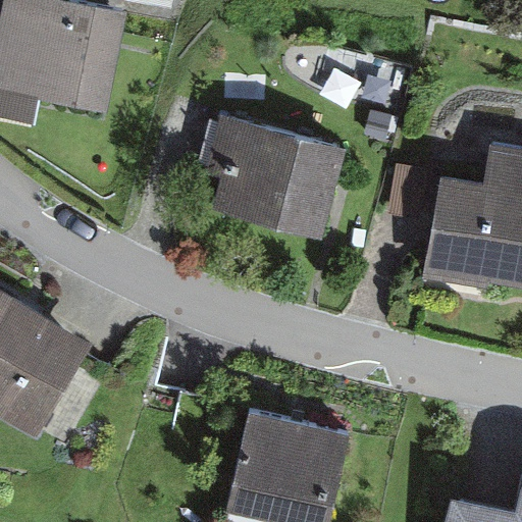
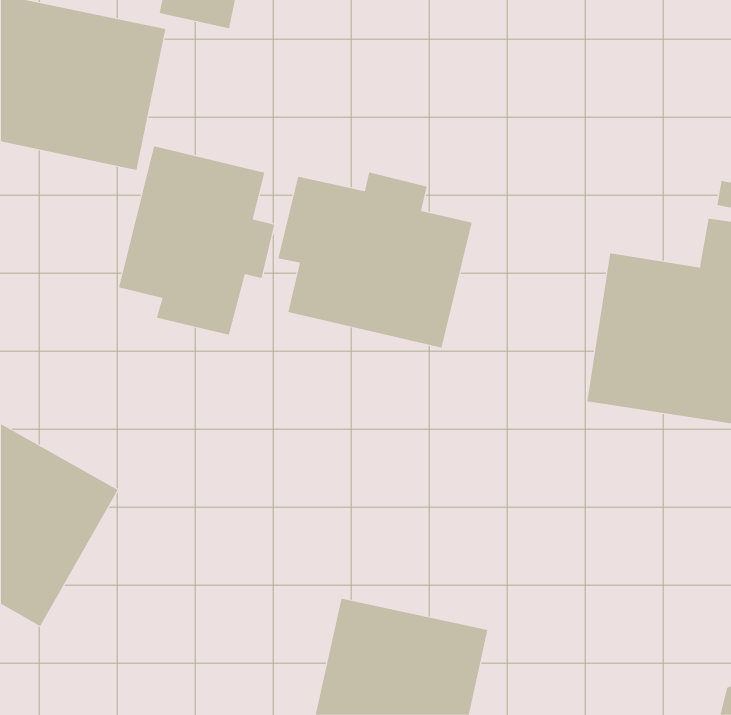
building: none -> [119,145,275,335]

